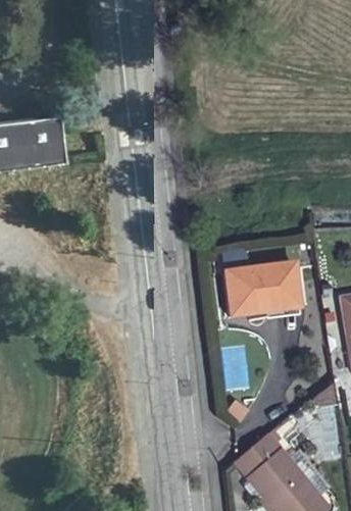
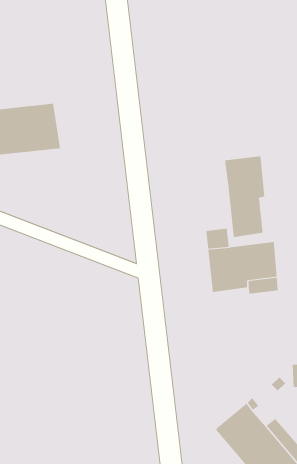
building: none -> [224,155,265,238]

